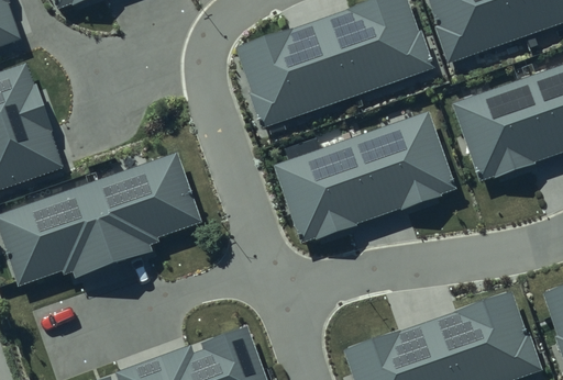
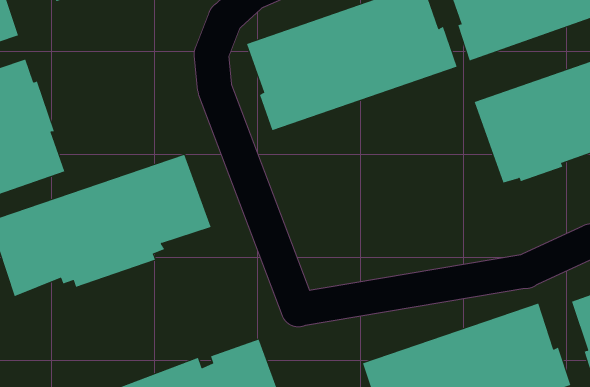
building: [275,110,460,241] -> none

